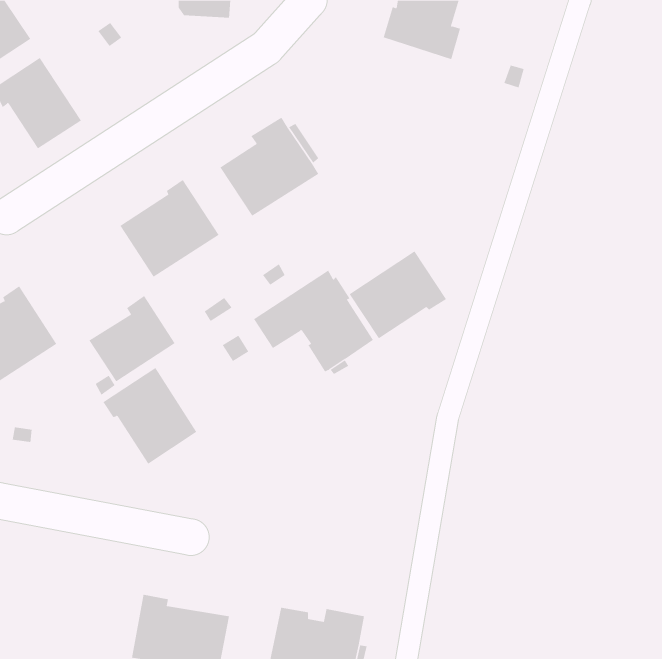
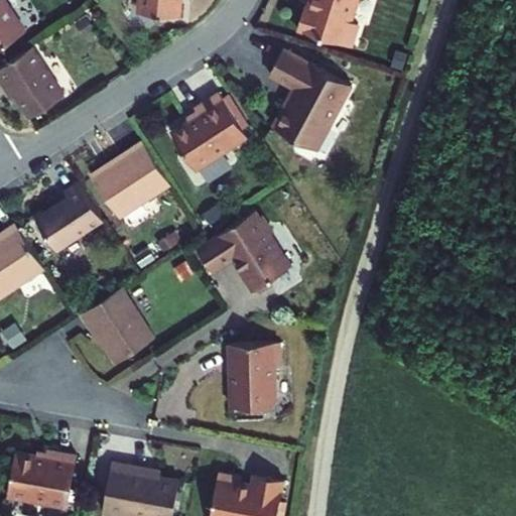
building: none -> [269,49,351,150]
building: [349,251,447,339] -> none
building: [89,295,176,382] -> [35,183,103,251]
building: none -> [228,343,279,408]
building: none -> [6,453,76,508]

